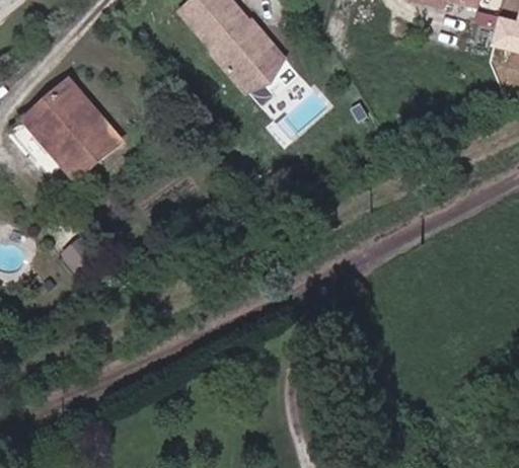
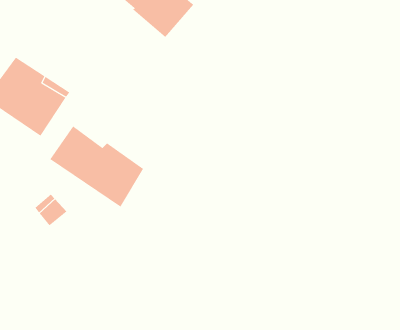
building: none -> [49,126,144,208]

